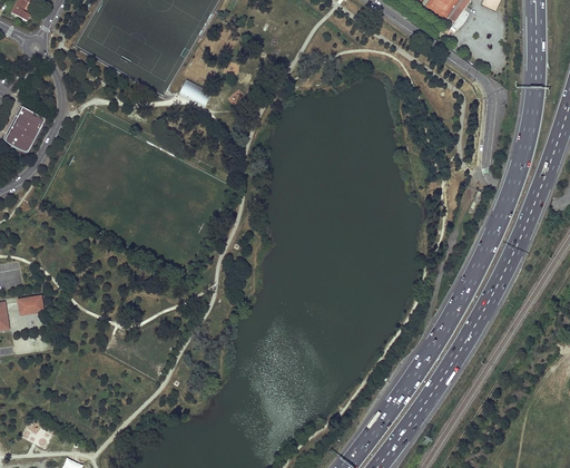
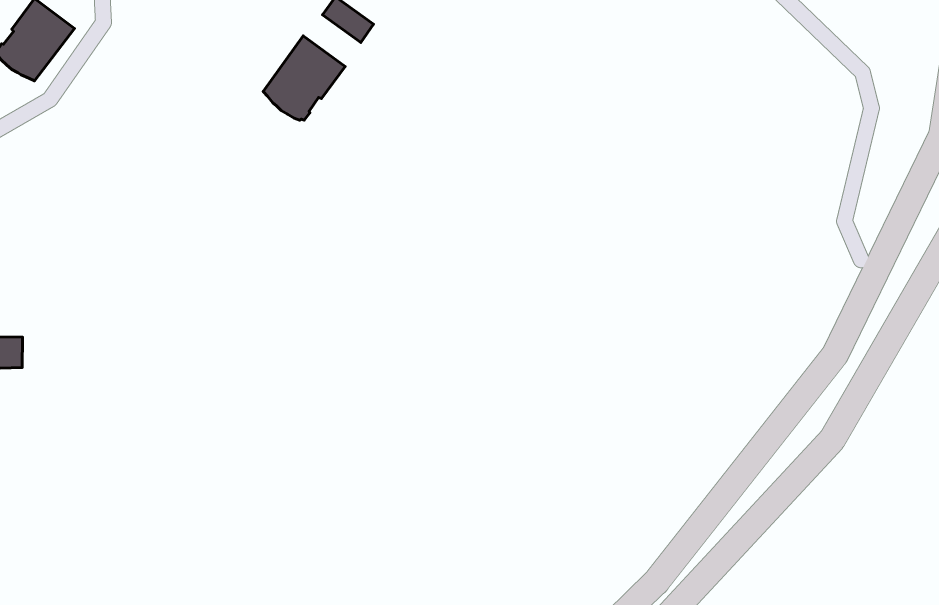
building: none -> [263,36,345,120]

